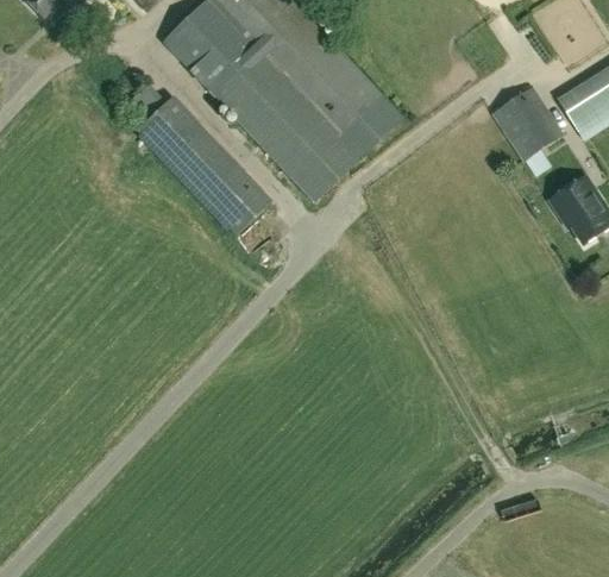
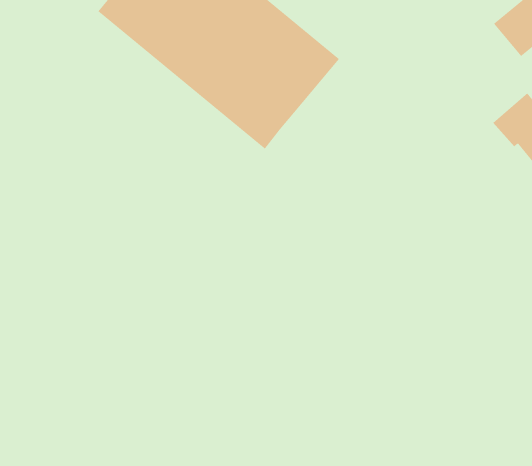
building: [495,87,564,159] -> none
building: [137,96,270,233] -> none

